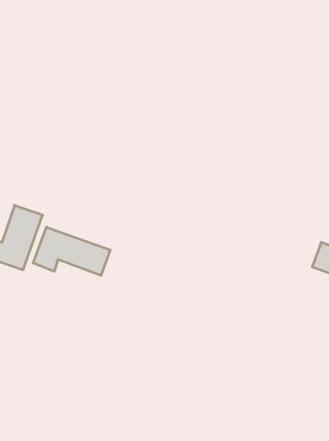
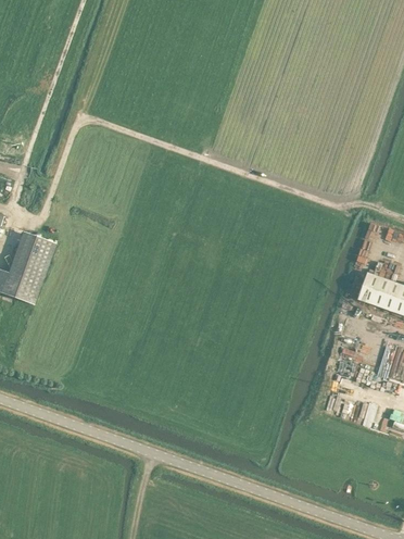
building: [33,227,110,275] -> none

